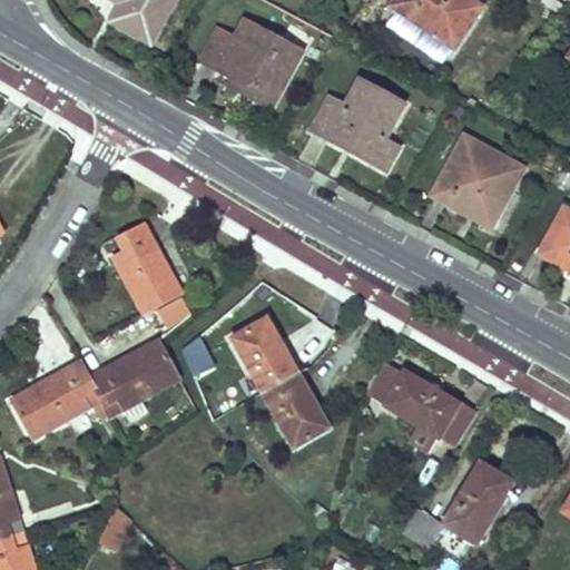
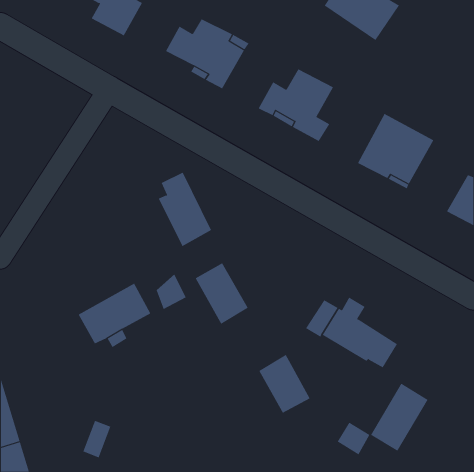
building: [114,222,178,312] -> [158,172,212,247]
building: [13,360,105,435] -> none
building: [265,370,327,441] -> [258,354,310,413]

